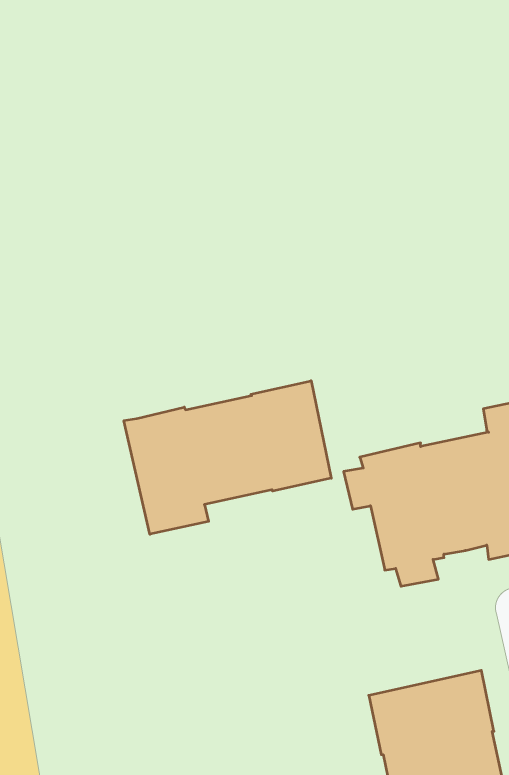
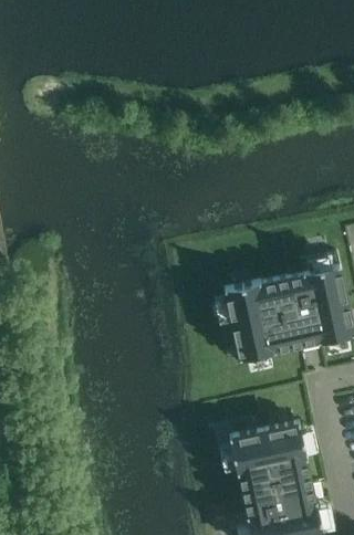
building: [124,381,331,534] -> none

